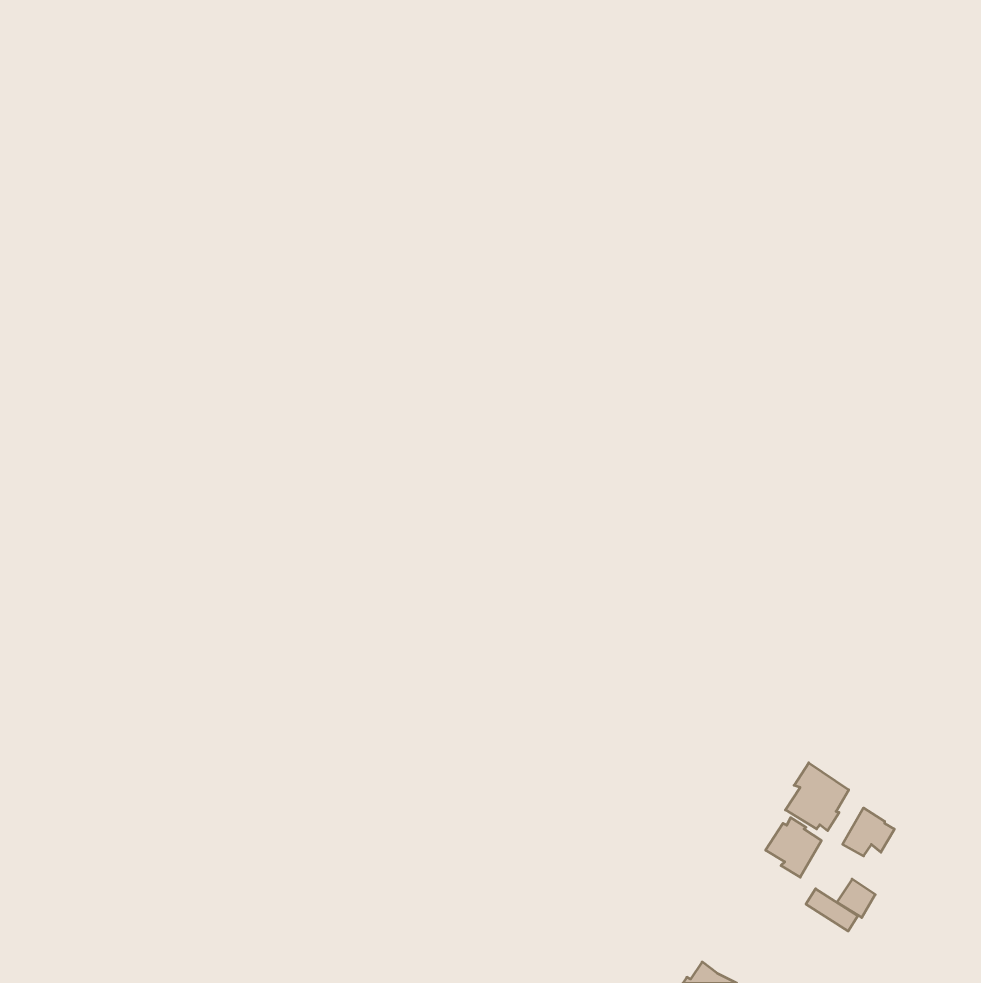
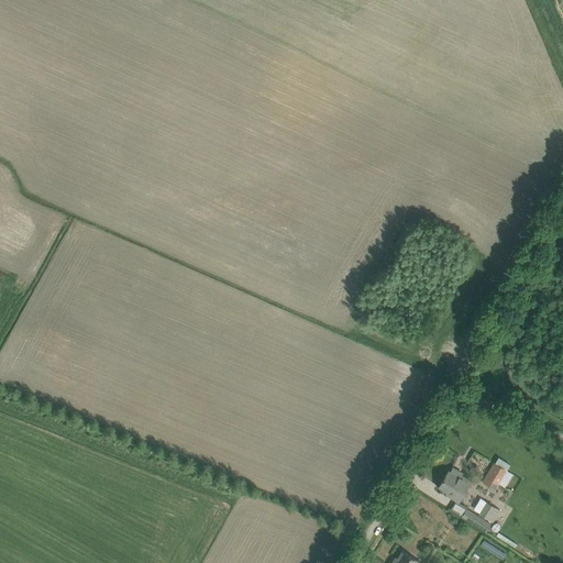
building: [785,763,849,831] -> none

